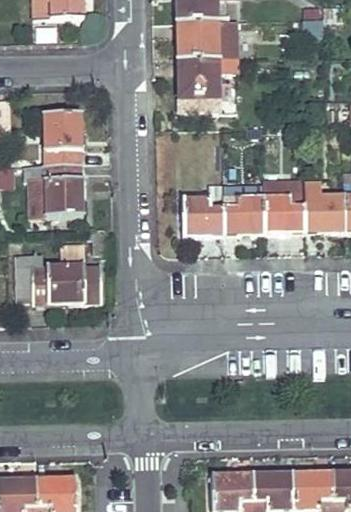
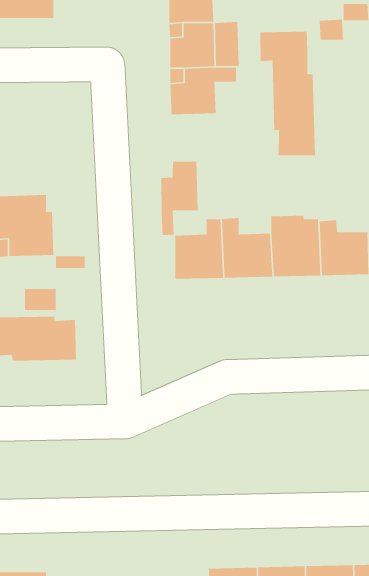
building: none -> [260,31,316,156]
building: [42,112,80,165] -> none
building: none -> [160,161,198,236]

